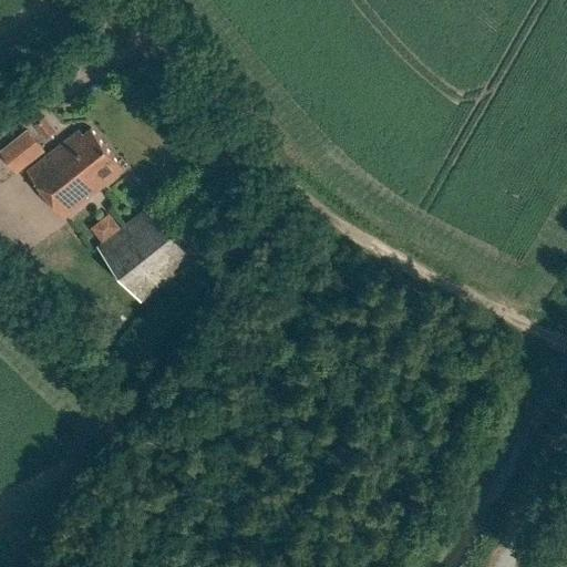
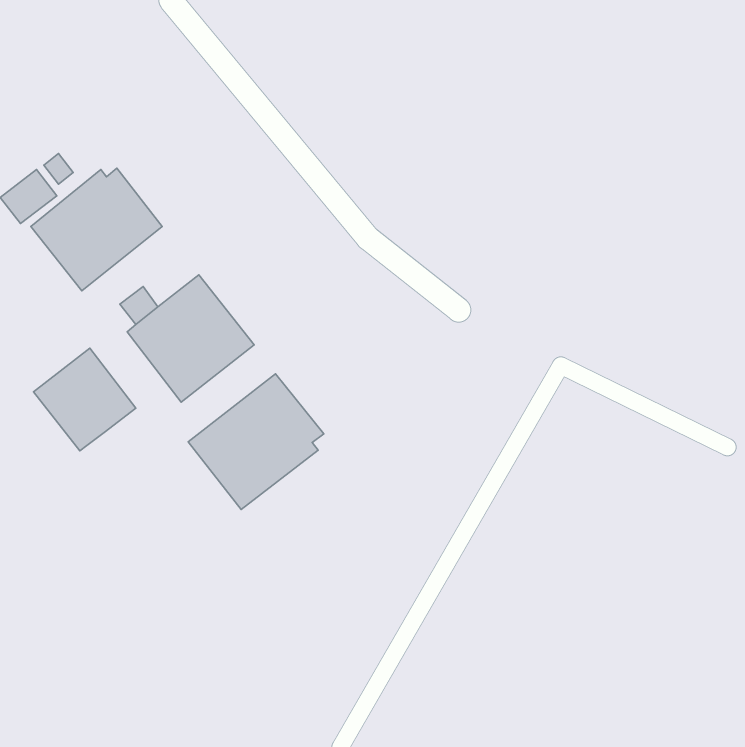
building: none -> [34,348,136,451]
building: none -> [188,374,324,509]

